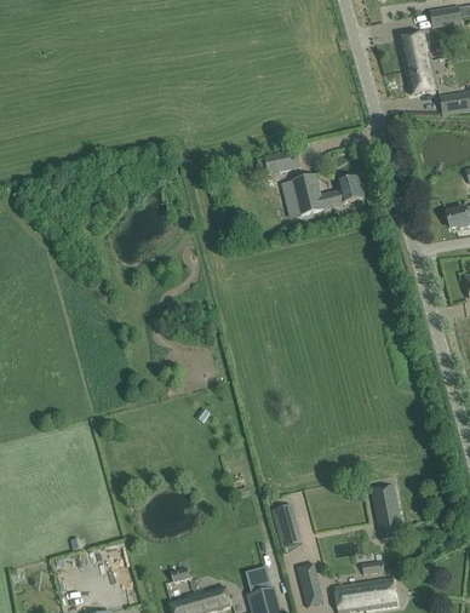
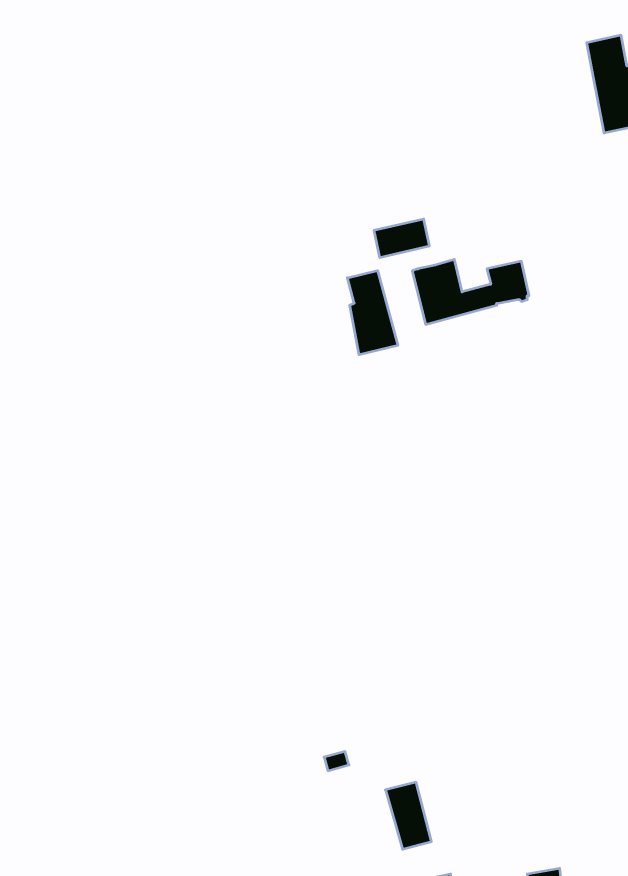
building: none -> [347,271,398,355]
building: [371,483,403,537] -> none

